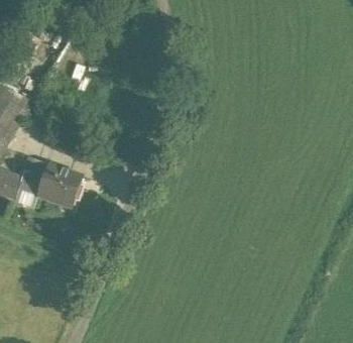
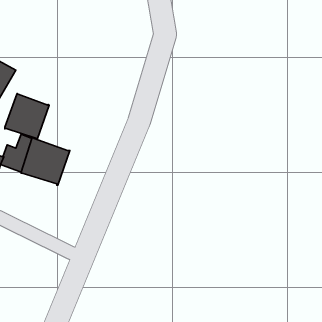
building: none -> [5,93,49,140]

